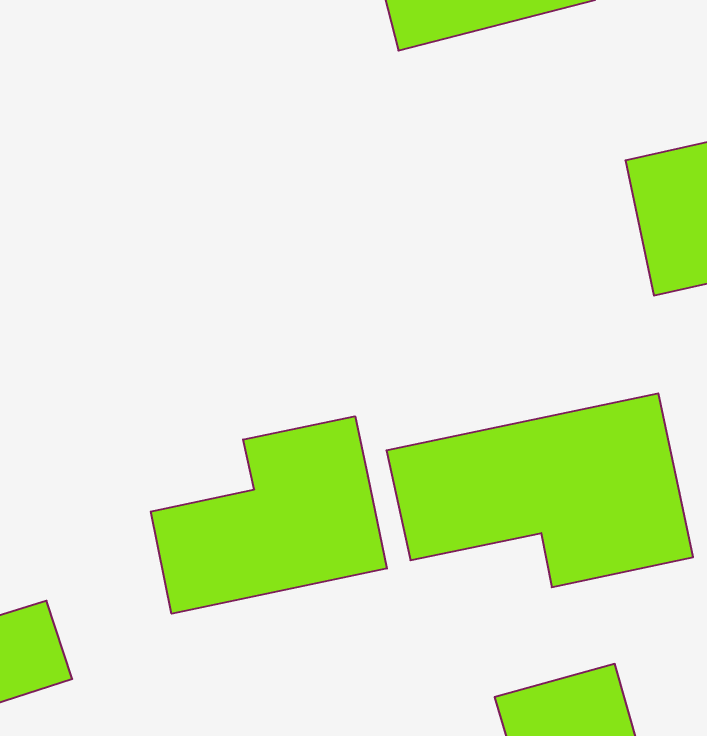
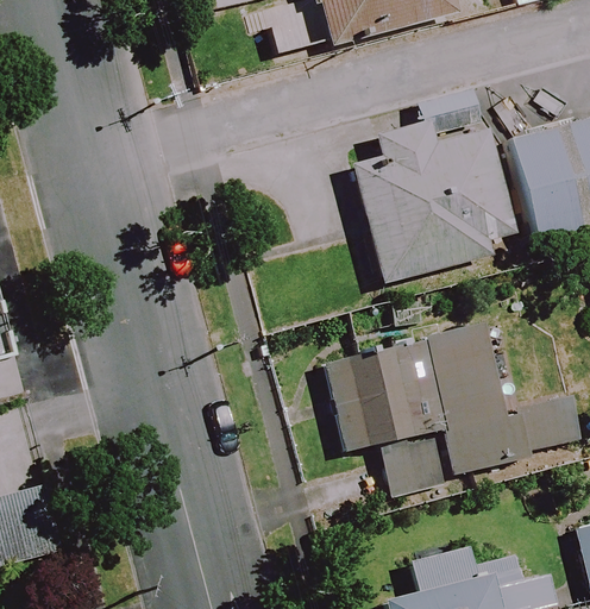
building: none -> [359,140,513,280]
building: [151,416,387,614] -> none

